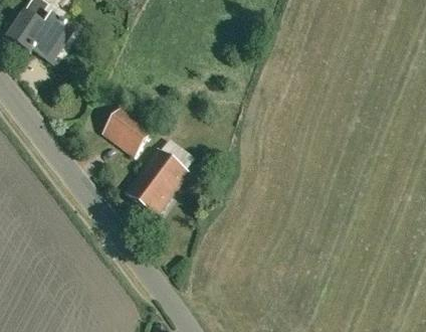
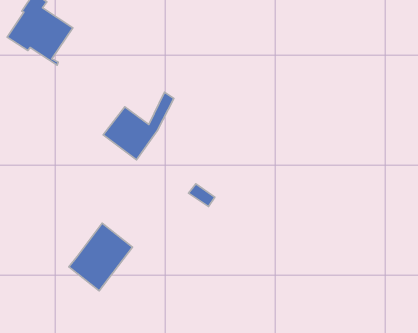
building: [127,149,188,214] -> [69,223,132,291]

